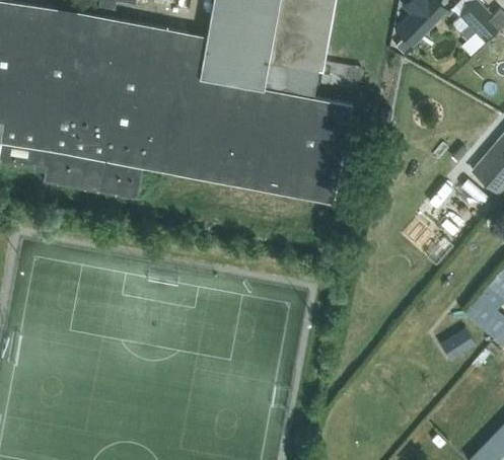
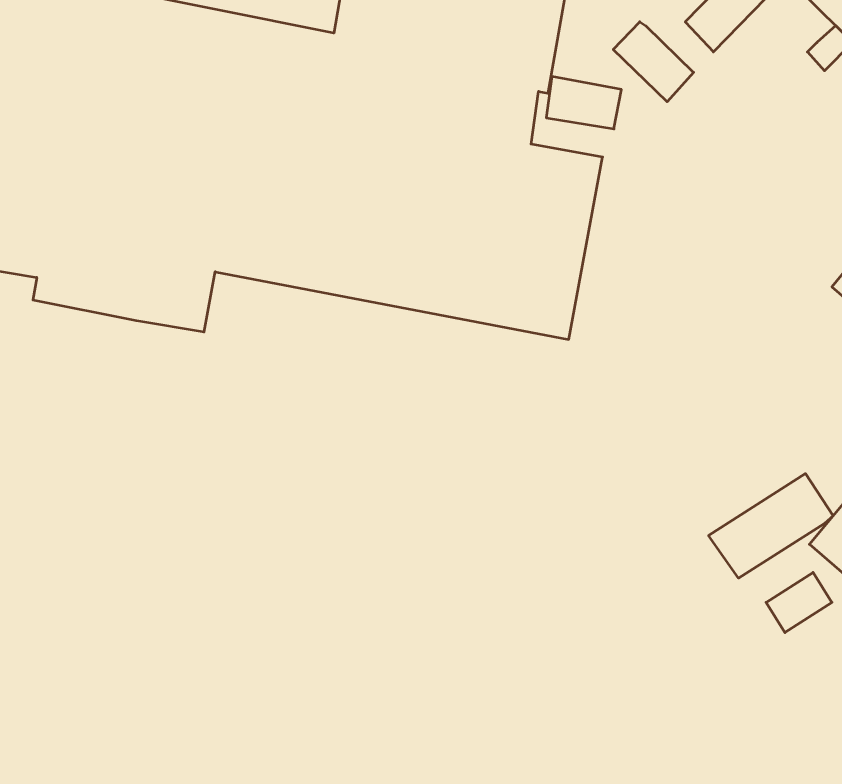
building: none -> [613,22,694,102]
building: none -> [709,474,833,578]

